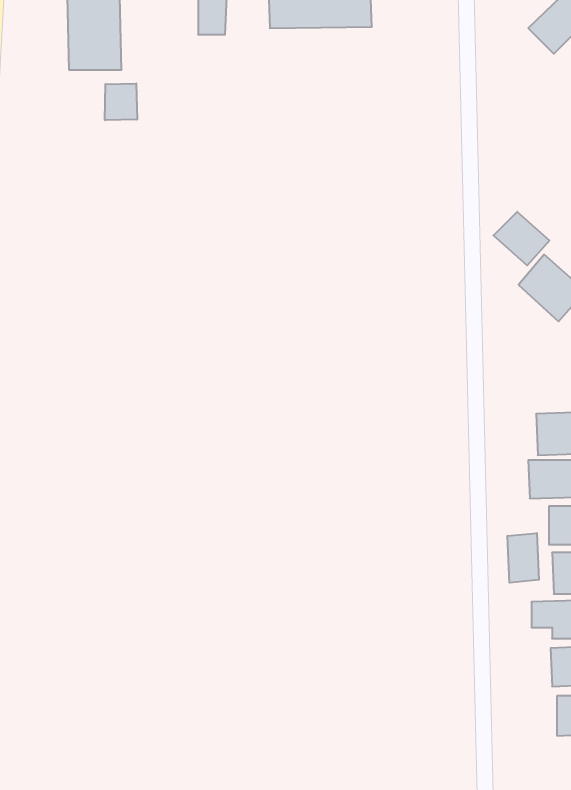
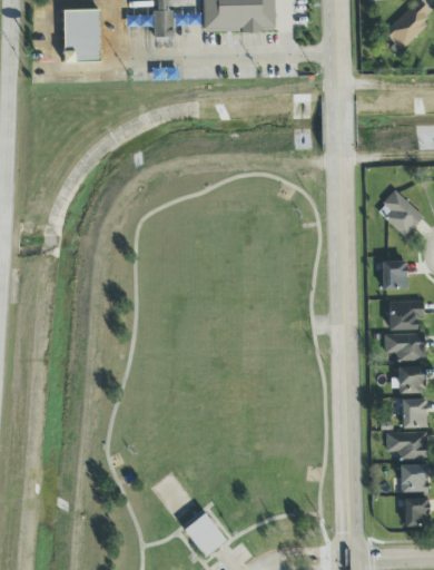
building: [105,83,137,120] -> none
building: [493,212,549,265] -> none
building: none -> [382,259,407,288]
building: [508,533,539,583] -> none
building: none -> [184,512,226,556]

